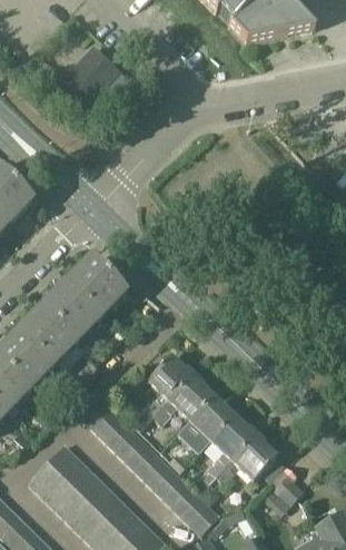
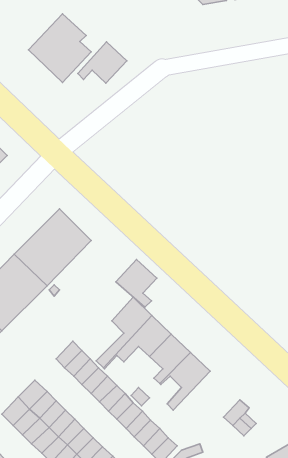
building: none -> [78,42,127,83]
building: none -> [116,260,157,307]
building: [212,433,275,482] -> none

